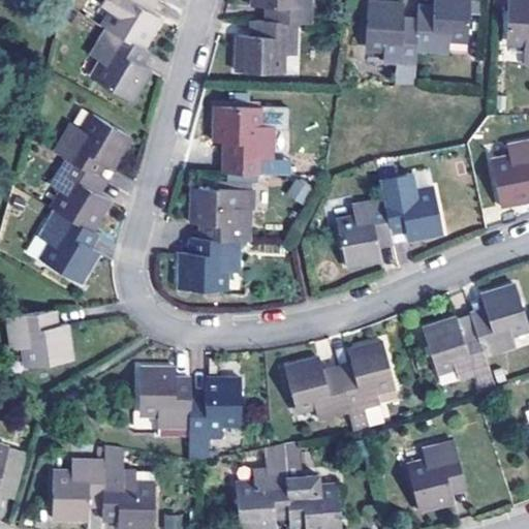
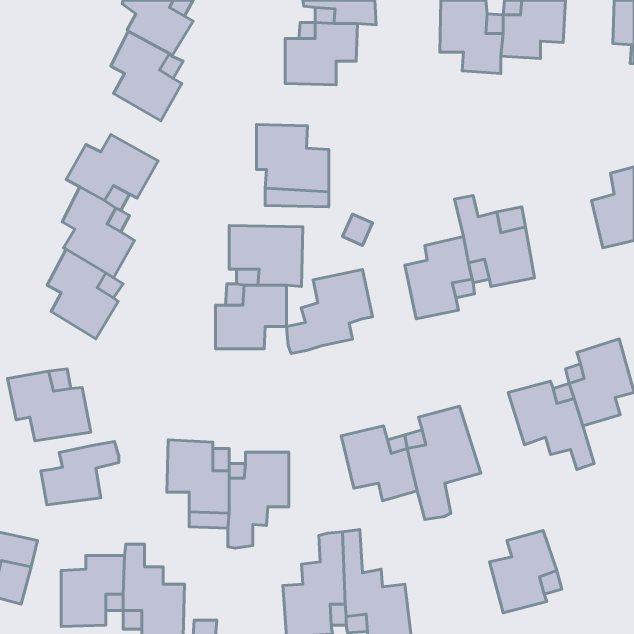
building: none -> [286,270,372,354]
building: none -> [41,441,119,505]

